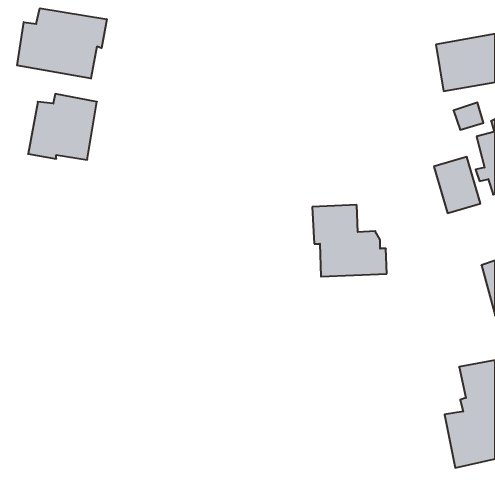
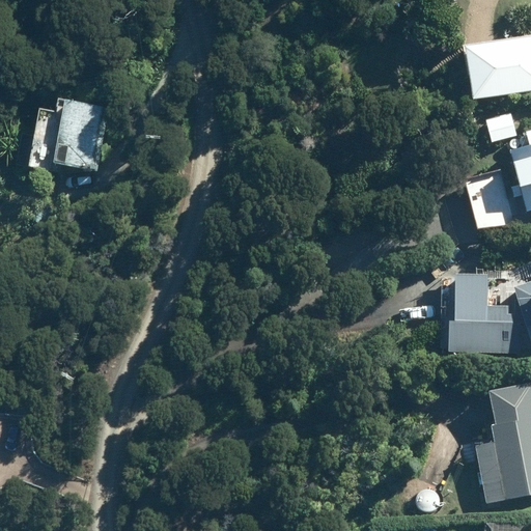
building: [17,8,107,79] -> none
building: [312,205,387,277] -> [441,275,521,352]

